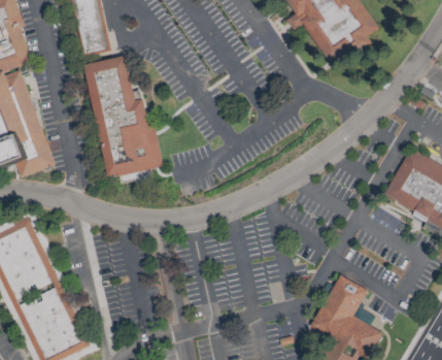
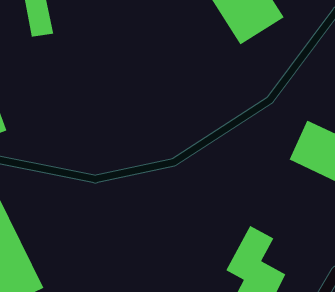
building: [86,56,160,175] -> none

